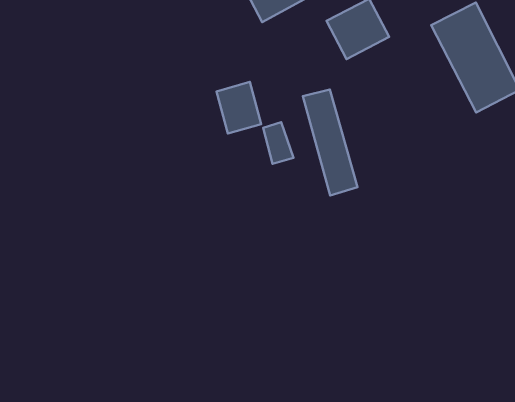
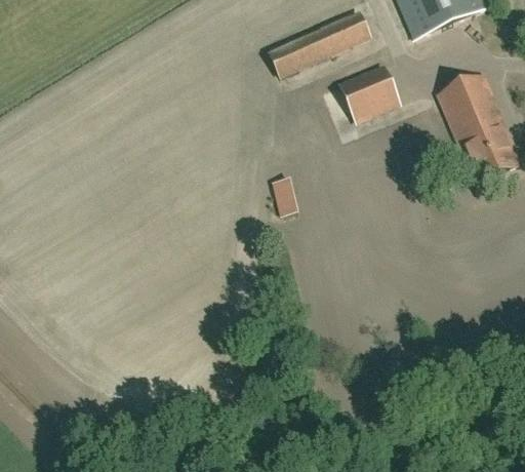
building: [216,82,261,134] -> none
building: [303,89,357,195] -> none

